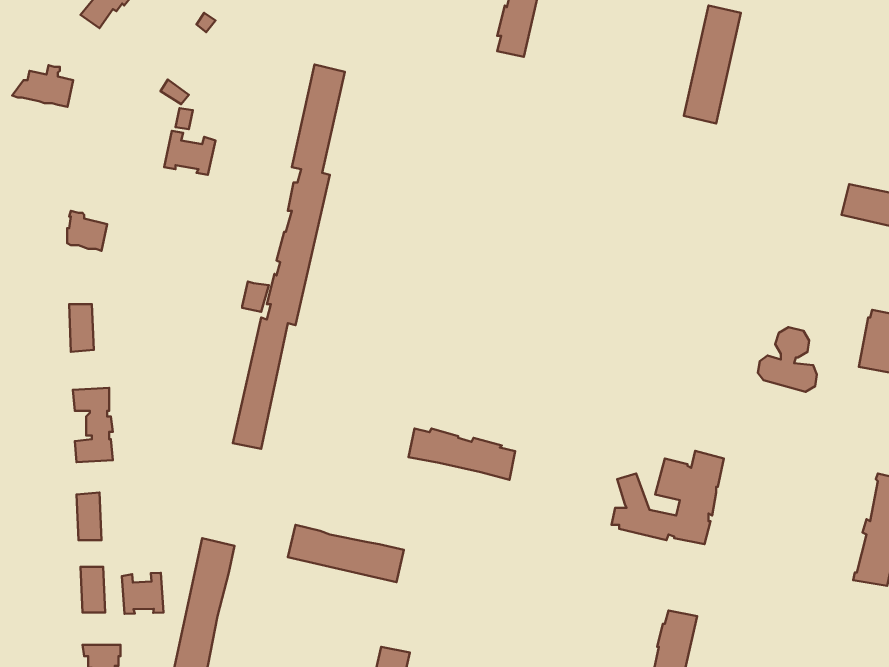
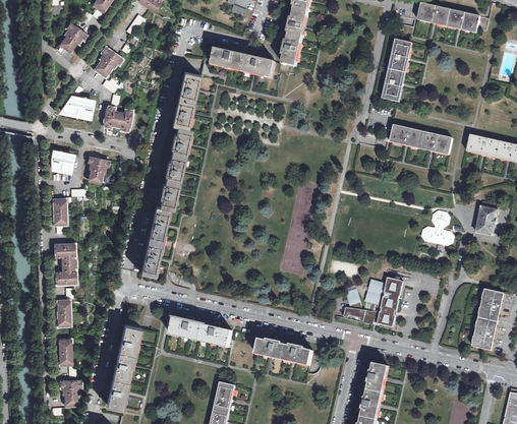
building: none -> [95,47,122,75]
building: none -> [212,48,274,77]
building: [12,65,73,107] -> [61,94,94,116]
building: none -> [390,124,453,155]
building: none -> [88,156,109,183]
building: [409,428,515,480] -> [255,338,312,365]
building: [122,573,163,614] -> none

